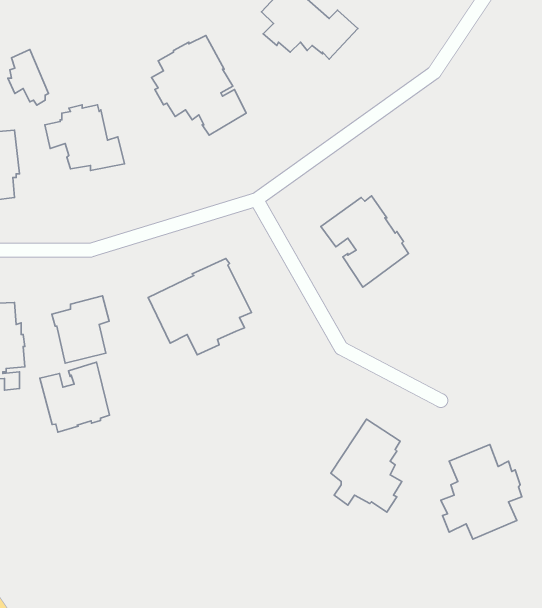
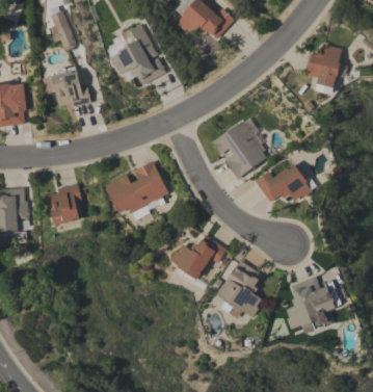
building: [8,49,49,105] -> [51,16,76,50]
building: none -> [304,44,342,87]
building: none -> [256,163,312,202]
building: [40,362,110,432] -> none
building: none -> [170,238,227,283]

